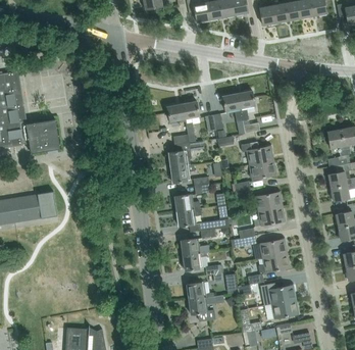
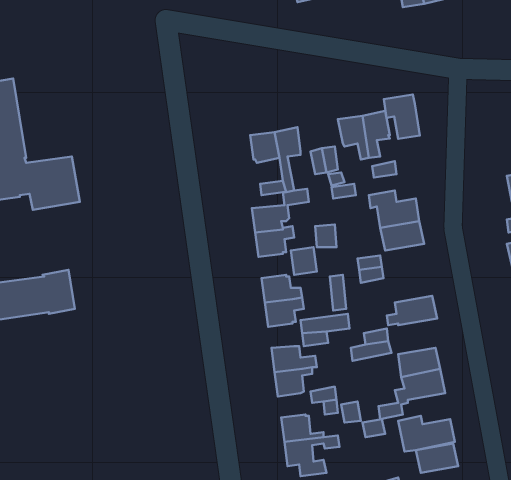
building: none -> [384,95,420,139]
building: [255,192,282,211] -> none

